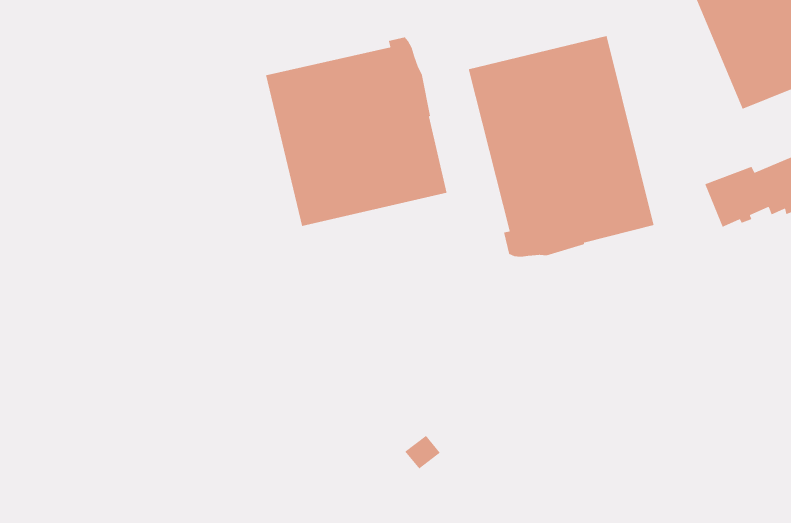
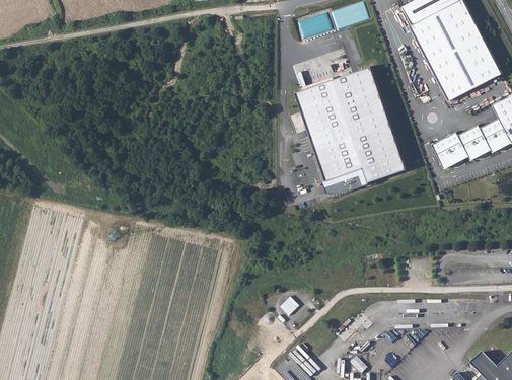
building: [265,36,448,227] -> none

